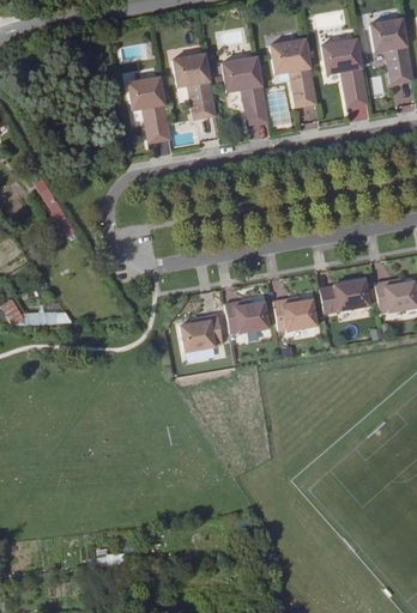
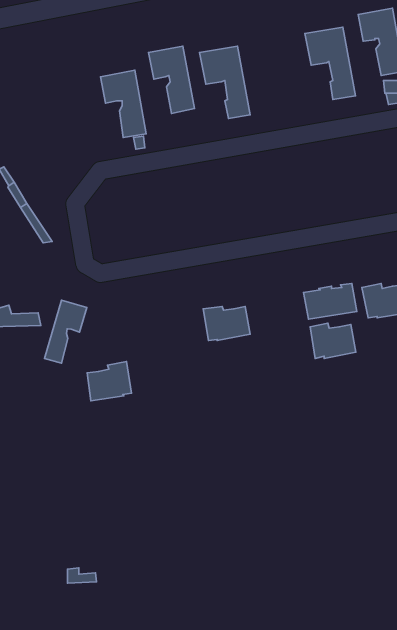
building: [270,38,316,108] -> none
building: none -> [45,300,87,363]
building: [273,297,316,330] -> [310,323,356,359]
building: [180,314,222,351] -> [87,362,132,401]

